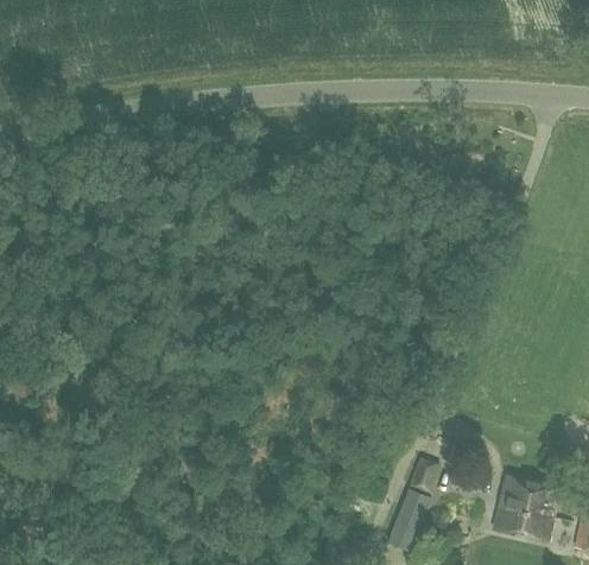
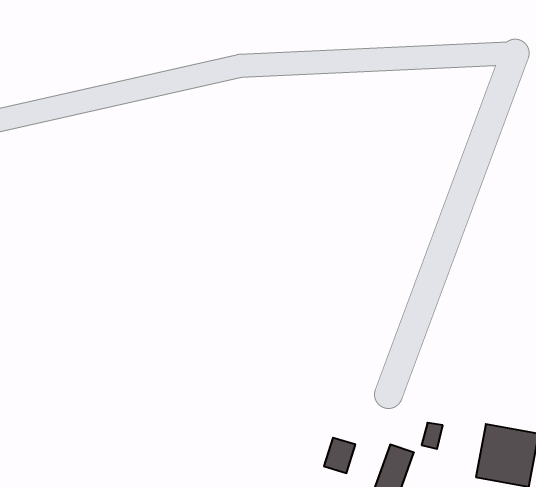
building: [407,457,441,494] -> [324,438,355,473]

